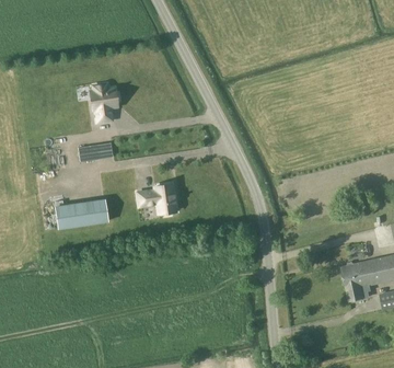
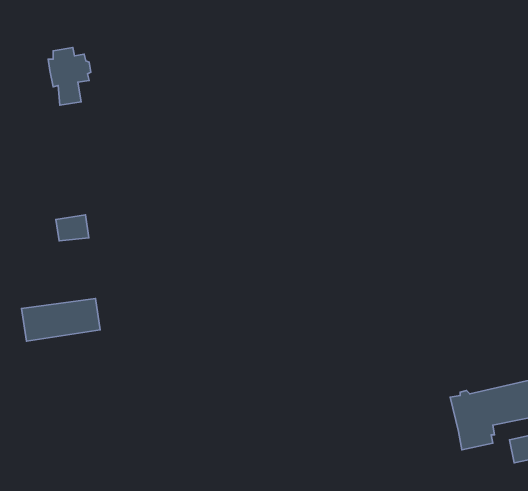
building: [91,84,119,123] -> [48,48,91,105]
building: [139,185,177,216] -> none

